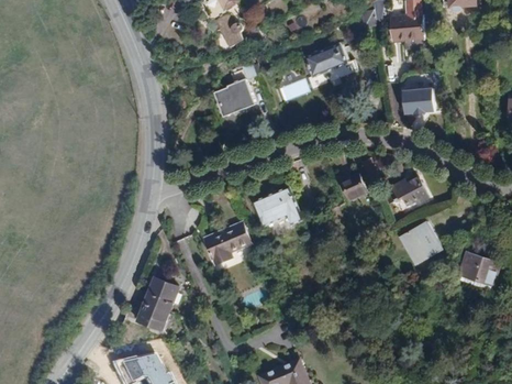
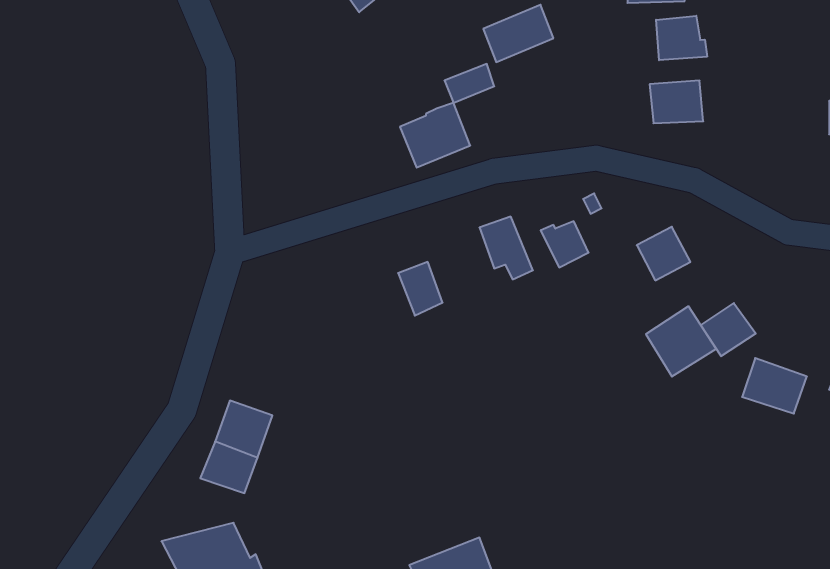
building: none -> [656,16,707,60]
building: [212,79,254,118] -> [400,103,470,168]
building: [271,189,303,227] -> [479,217,533,279]
building: none -> [701,303,756,356]
building: [205,222,252,264] -> none

